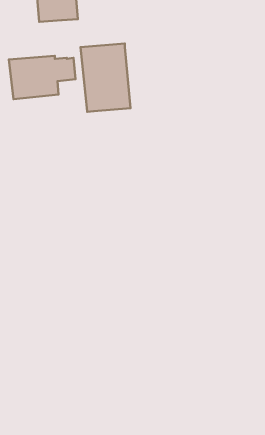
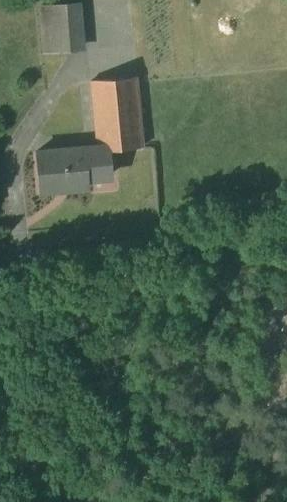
building: [9,56,75,99] -> [35,148,106,194]

